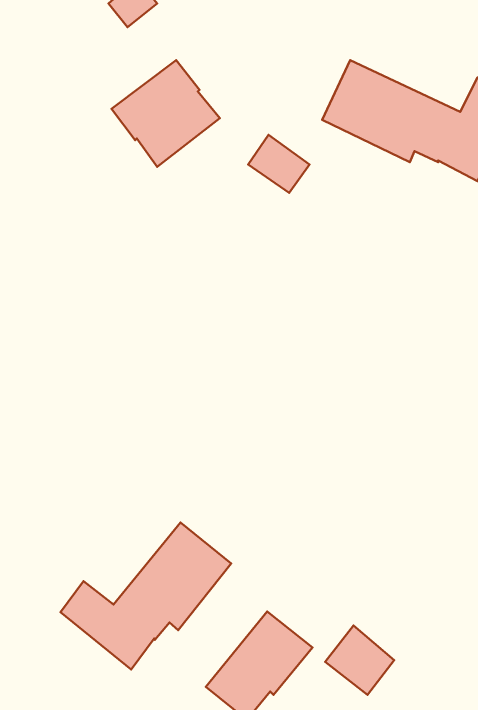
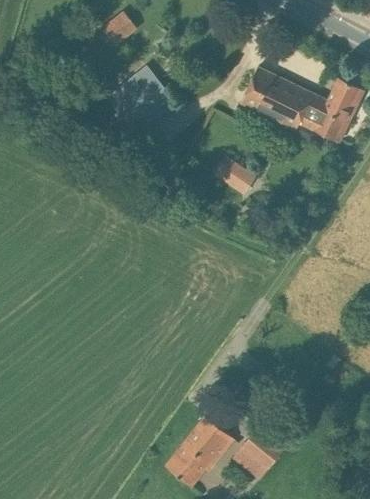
building: [248,135,309,193] -> [214,155,253,192]
building: [60,522,231,670] -> none

